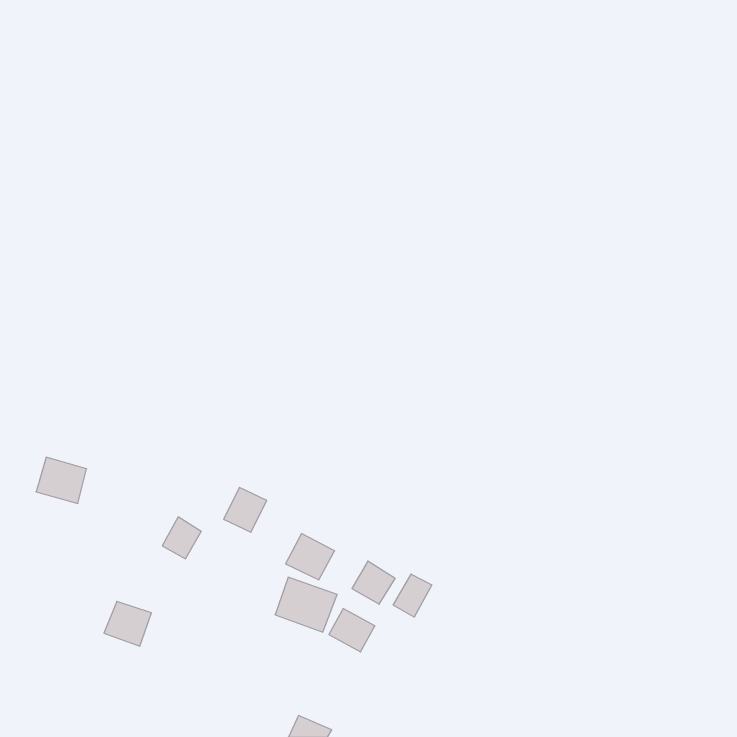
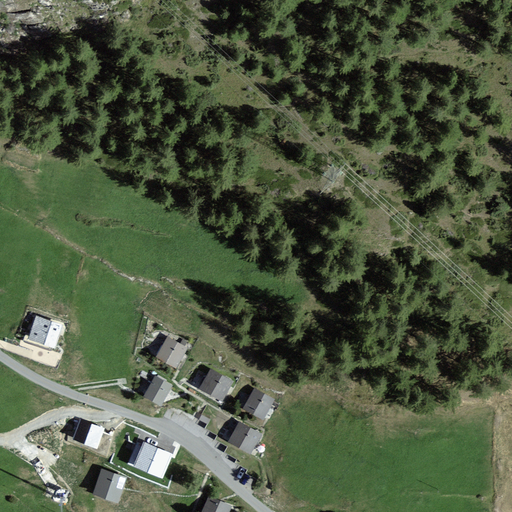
building: [162,517,201,559] -> [143,376,170,405]
building: [393,574,432,617] -> none
building: [275,577,337,632] -> [130,439,173,477]
building: none -> [93,466,127,502]

